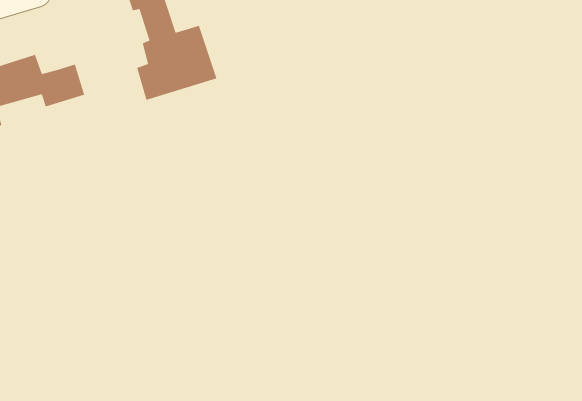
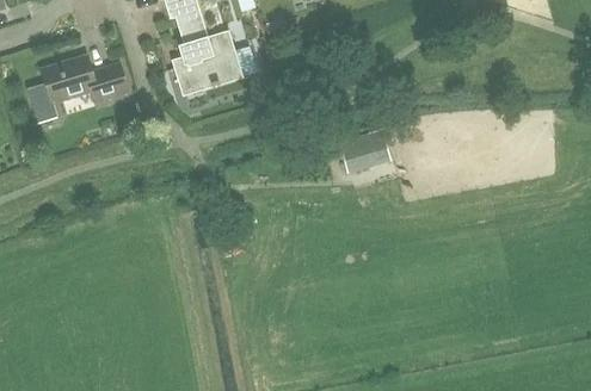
building: none -> [341,138,376,170]

